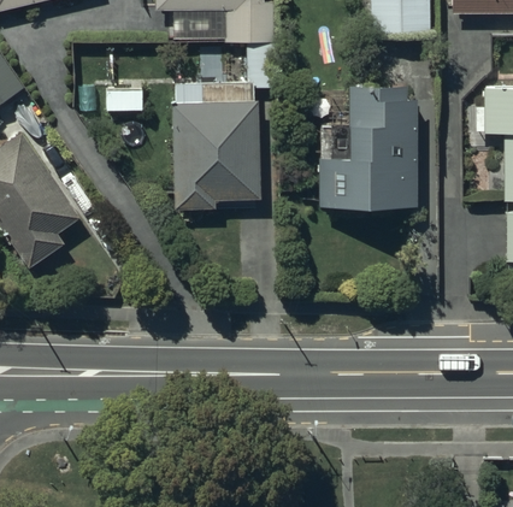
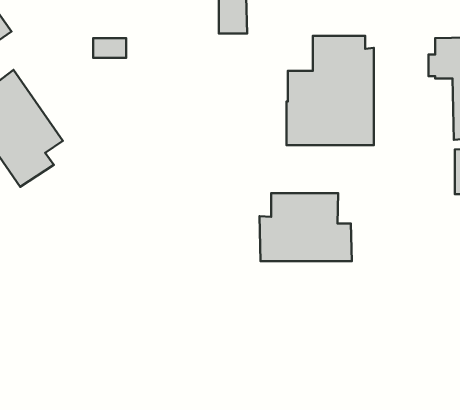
building: [177,107,255,206] -> none
building: none -> [260,193,352,261]

